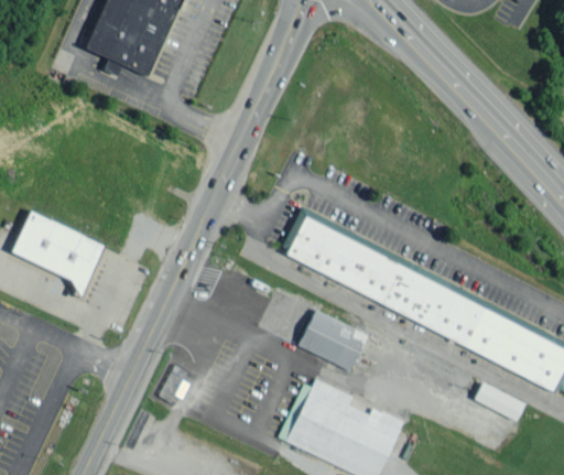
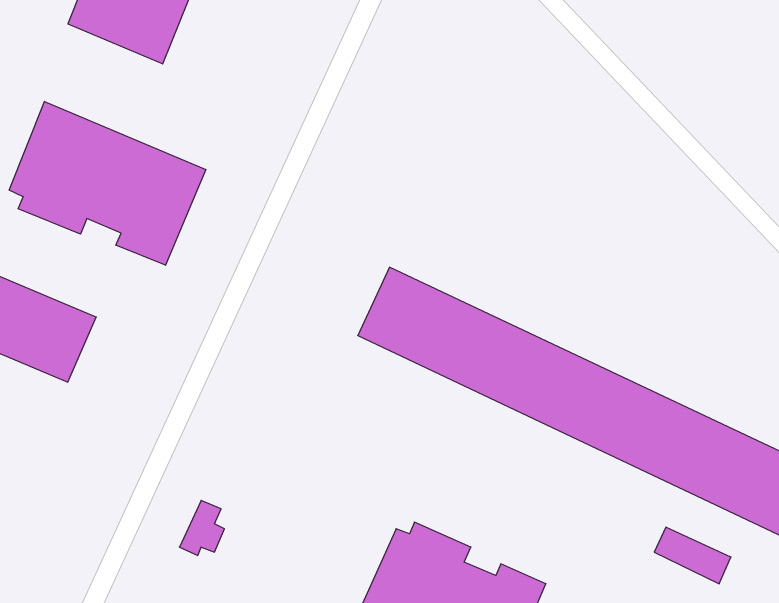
building: none -> [9,101,206,265]
building: [297,312,366,370] -> none

